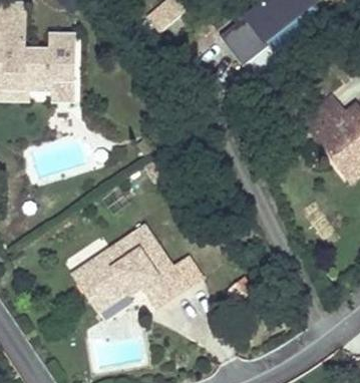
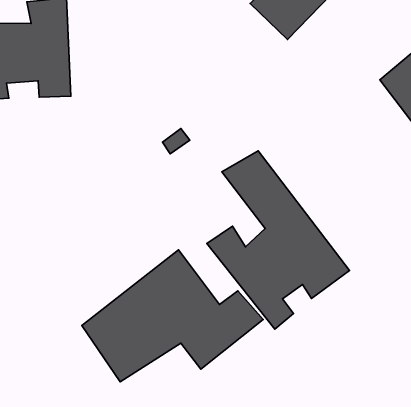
building: none -> [207,151,349,329]

